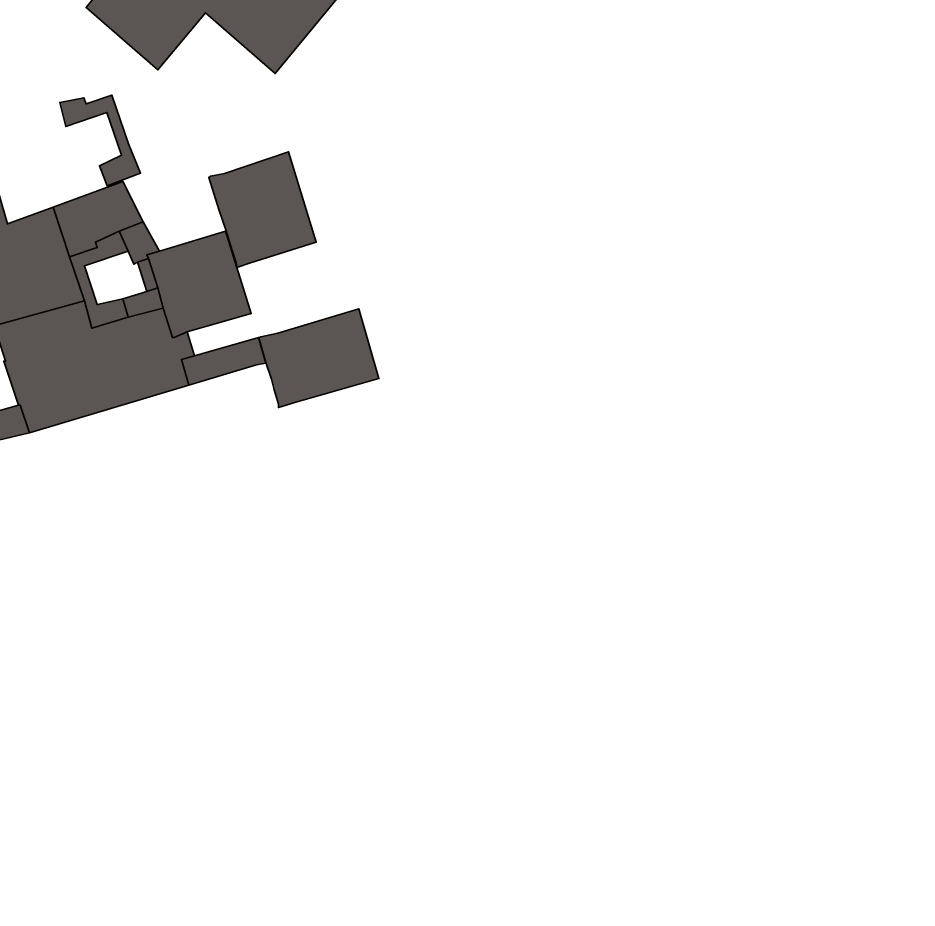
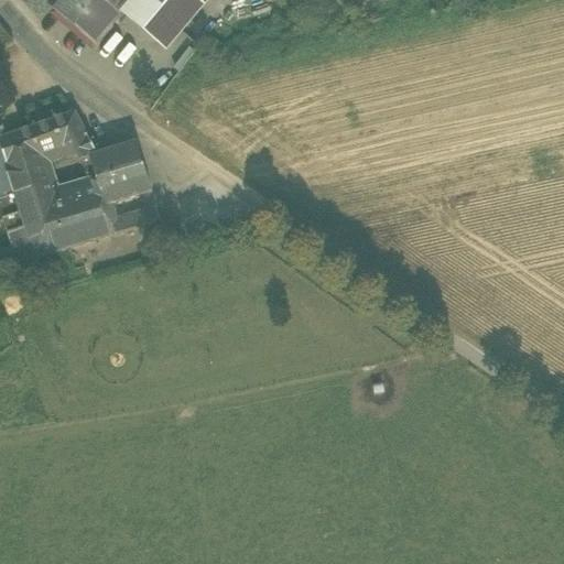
building: [60,95,141,186] -> none
building: [209,152,316,267] -> none
building: [259,309,379,408] -> none

